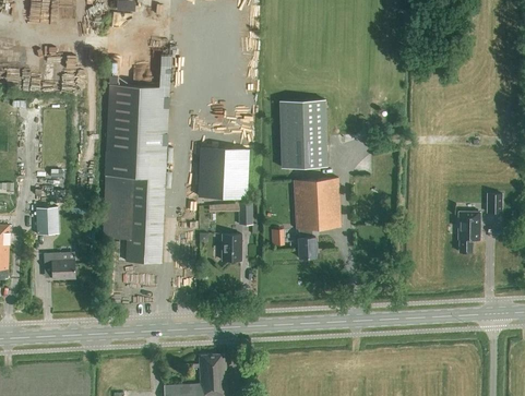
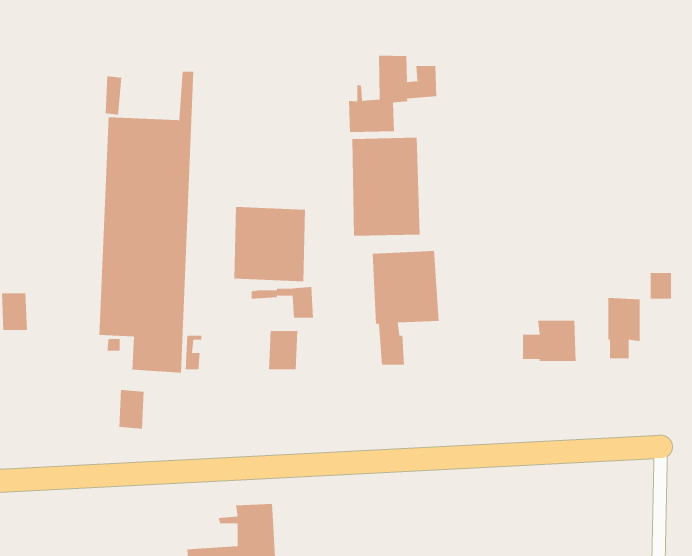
building: none -> [348,55,437,133]
building: none -> [522,320,576,362]
building: [44,253,75,279] -> none
building: none -> [119,389,144,430]

